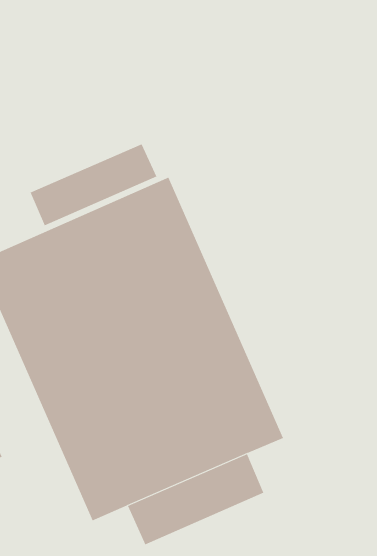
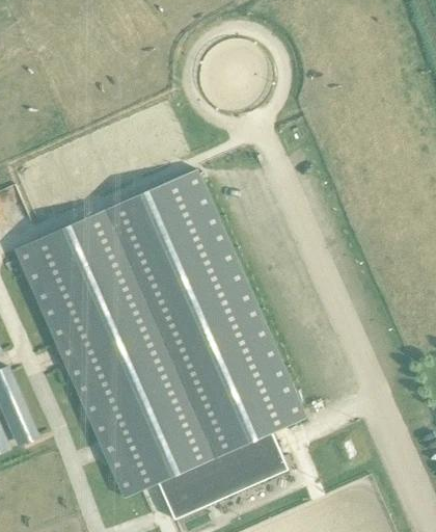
building: [30,144,157,226] -> none

